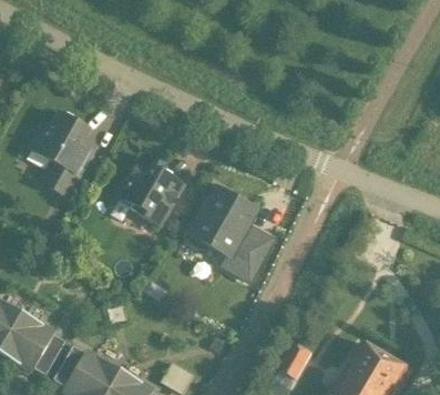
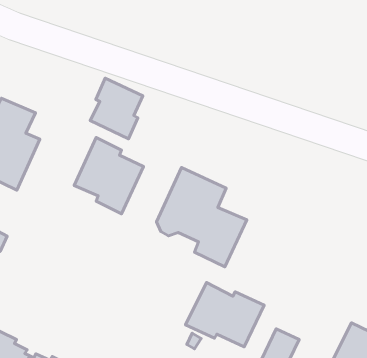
building: none -> [90,78,143,139]
building: none -> [185,283,264,347]

